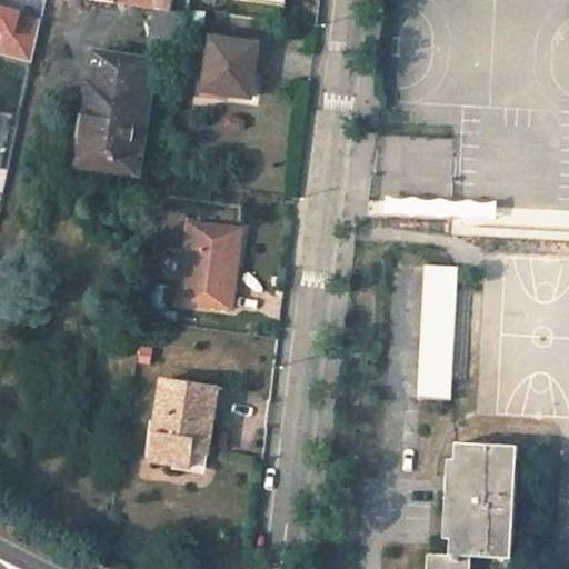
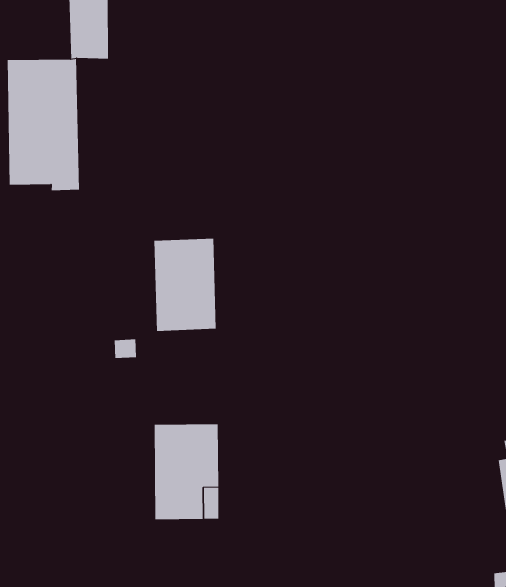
building: [204,36,257,93] -> none
building: [416,264,455,400] -> none

